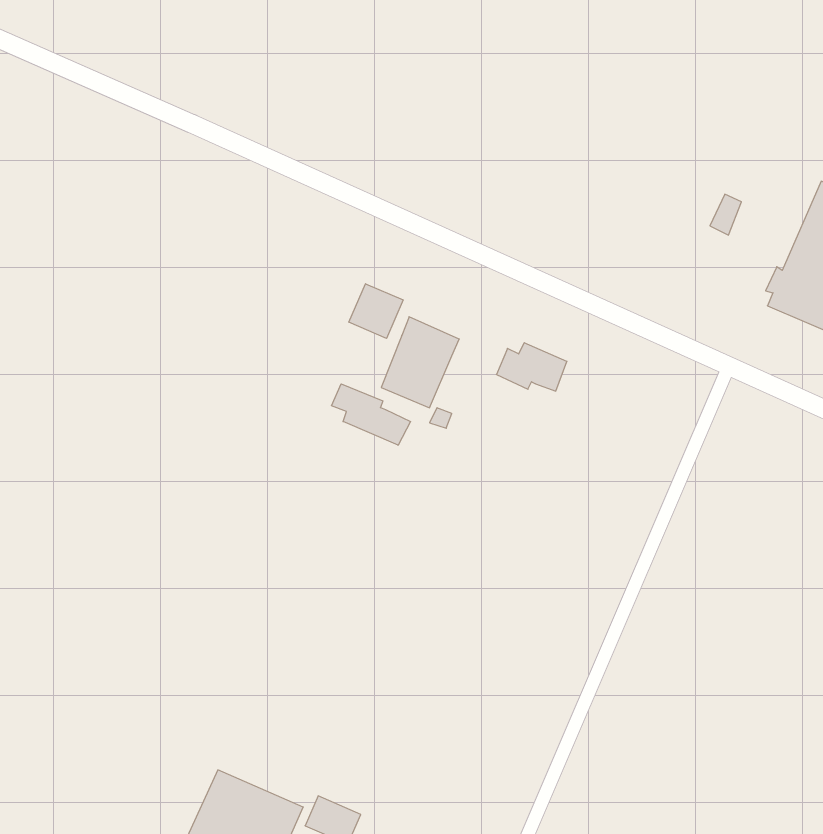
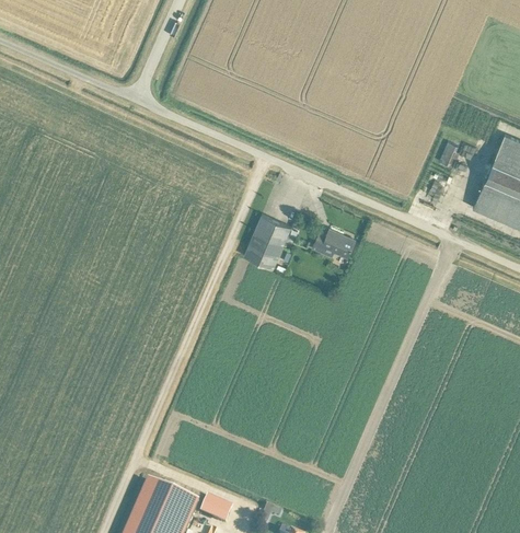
building: [349,284,403,338] -> none
building: [332,384,411,445] -> none

